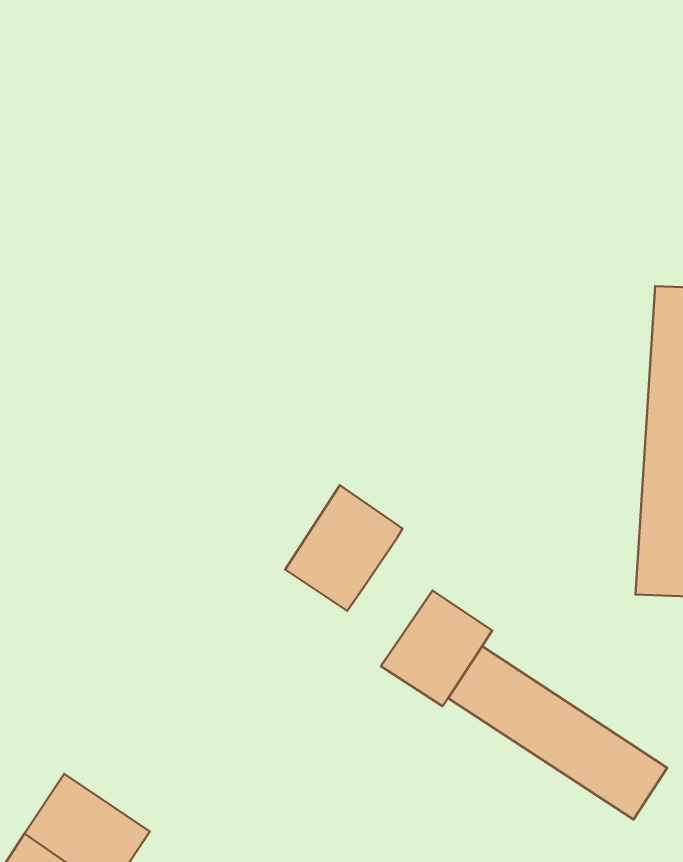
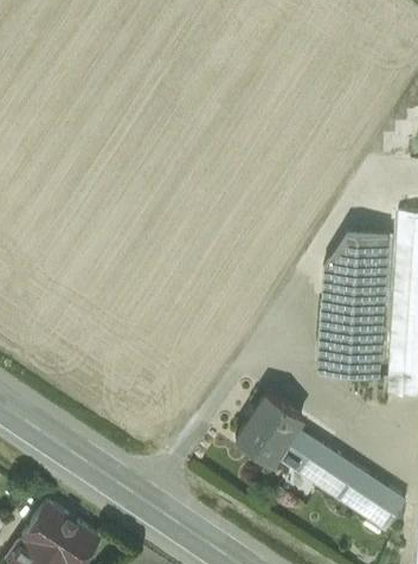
building: none -> [317,232,387,377]
building: [285,485,403,611] -> none

